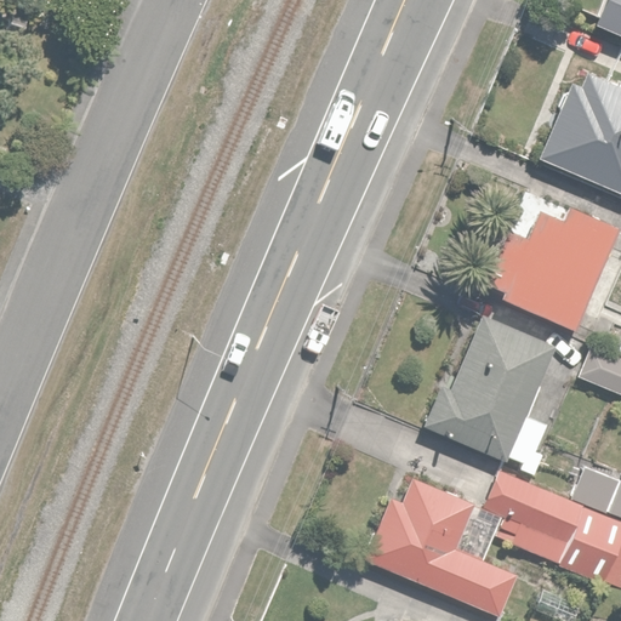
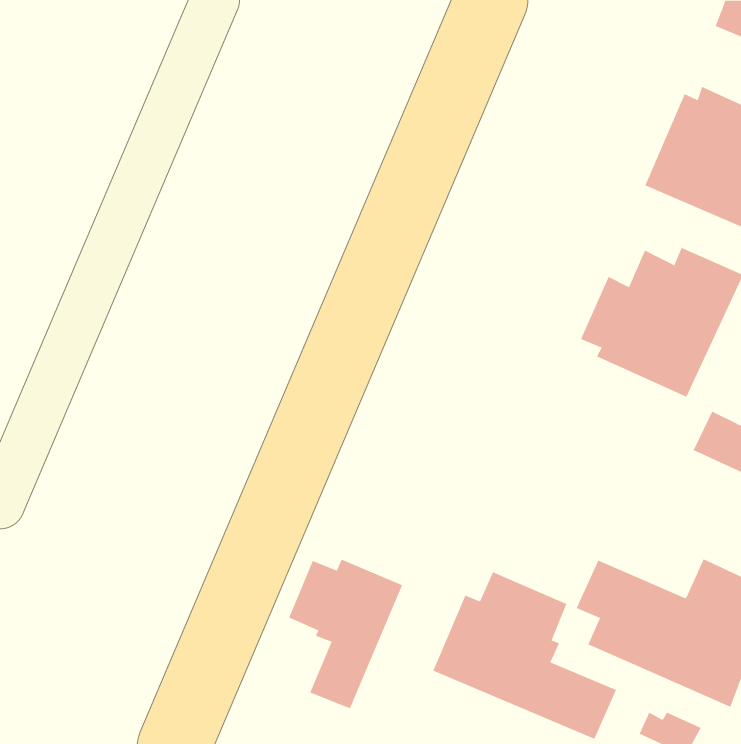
building: [422,315,554,472] -> none
building: none -> [289,559,403,709]

